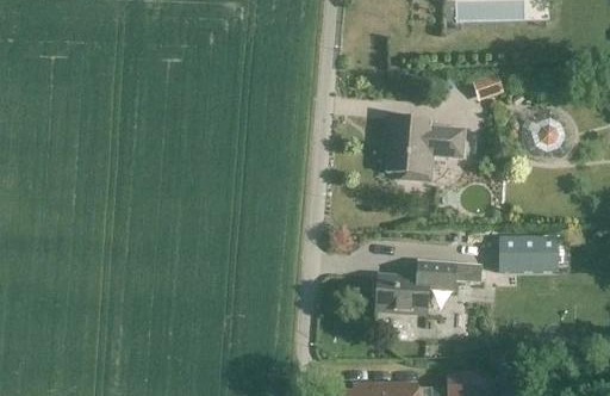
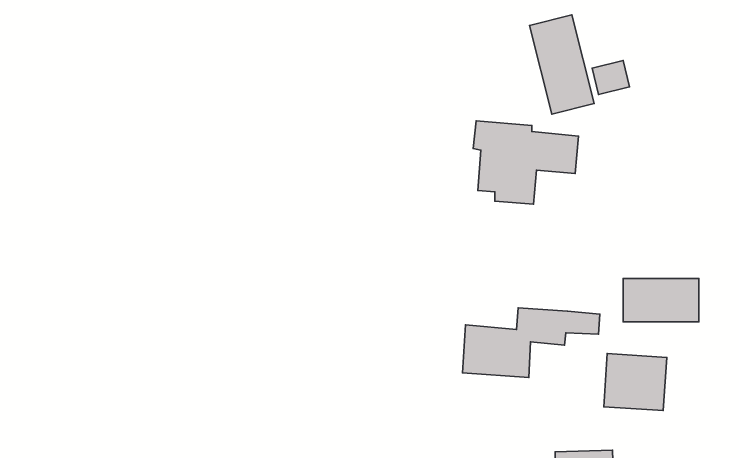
building: none -> [530,15,594,114]
building: none -> [604,354,667,411]

